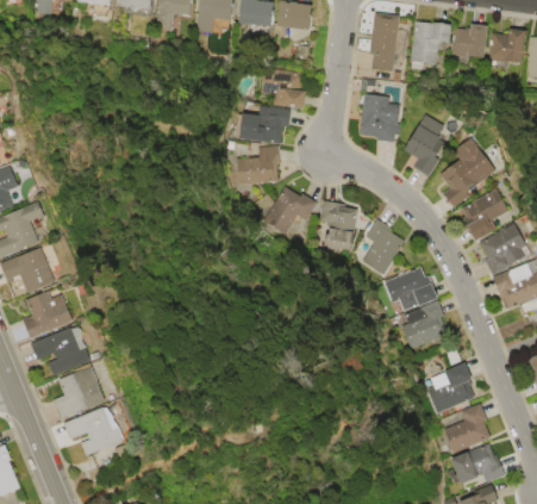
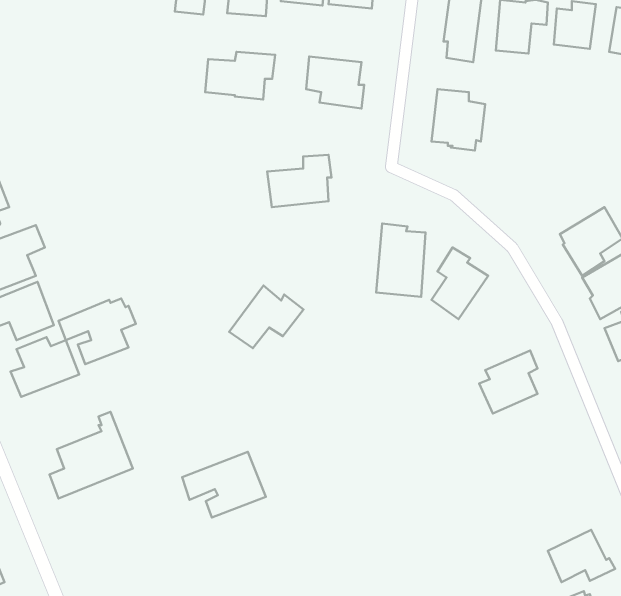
building: [233,106,289,144] -> [205,52,275,100]
building: [402,122,448,176] -> none
building: [438,136,498,210] -> none
building: [256,186,316,236] -> [229,286,304,348]
building: [377,267,439,313] -> none
building: [33,325,95,378] -> [58,298,136,364]
building: [420,363,474,416] -> none
building: [63,403,130,455] -> [182,452,266,518]
building: [442,404,489,450] -> none

